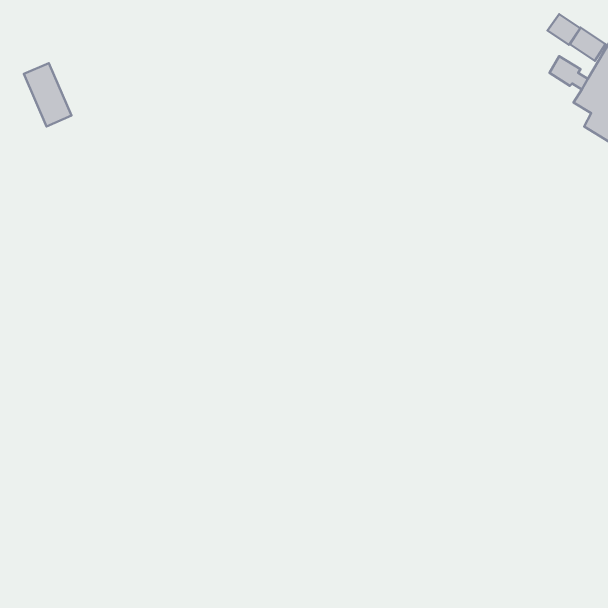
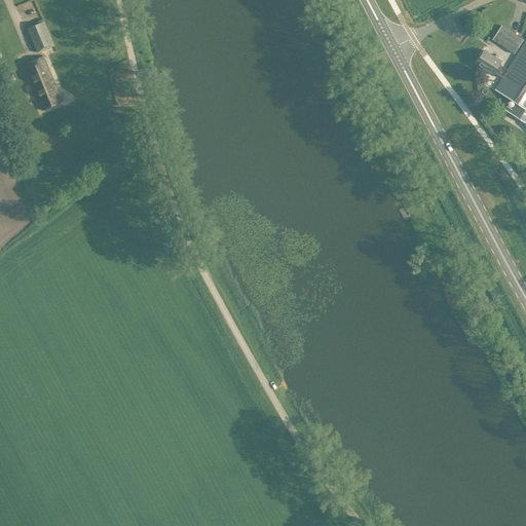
building: [548,14,580,45] -> none
building: none -> [27,21,53,52]

